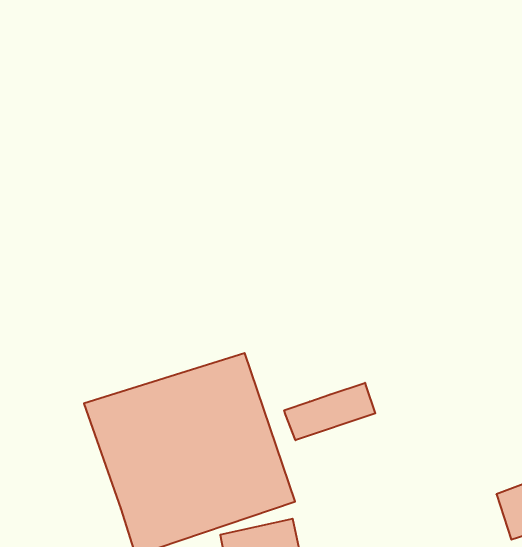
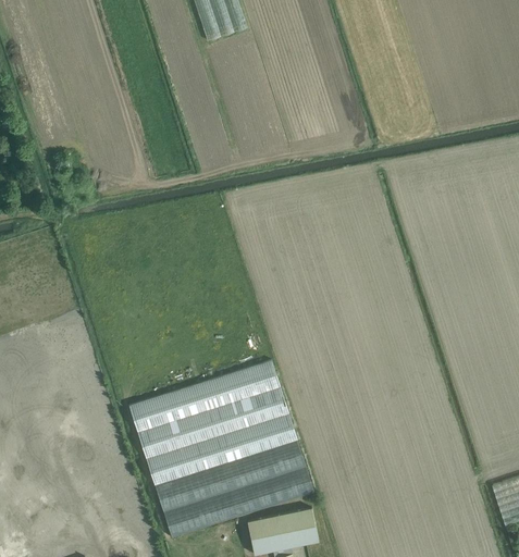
building: [284,383,375,440] -> none

